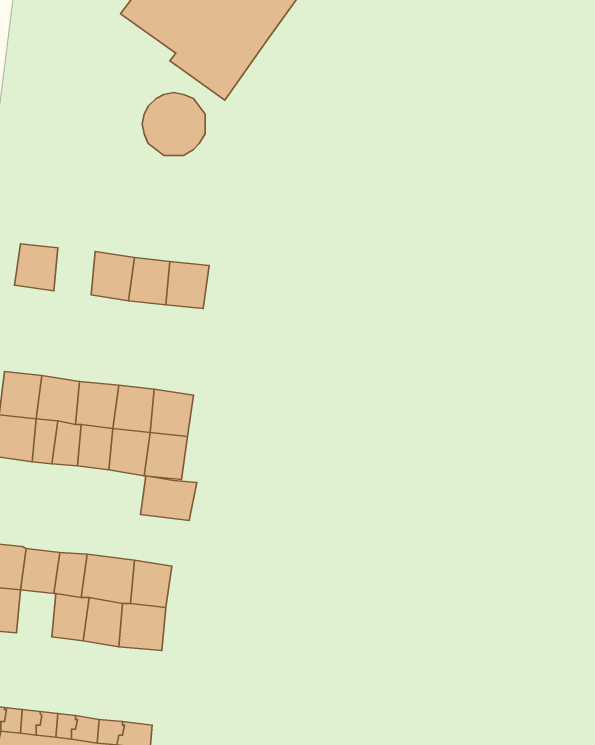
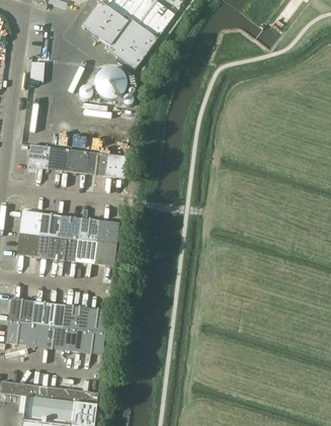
building: none -> [48,146,69,170]
building: [140,476,197,521] -> none
building: none -> [28,322,49,346]

